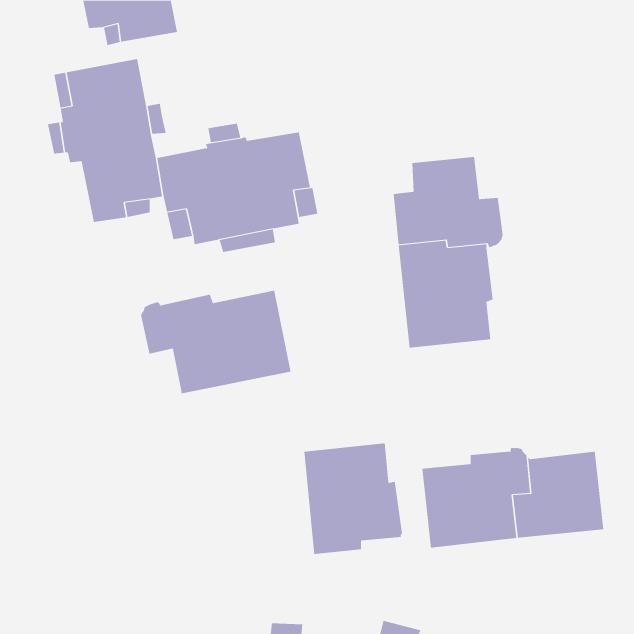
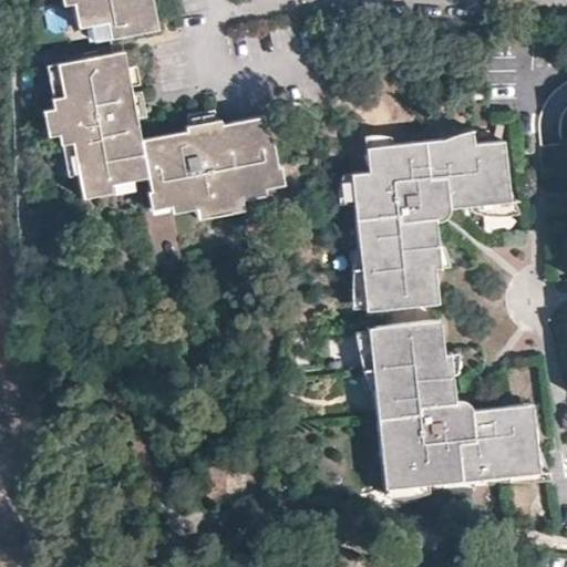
building: none -> [424,130,511,210]
building: [140,290,291,394] -> none
building: [303,443,403,555] -> [368,319,456,419]

